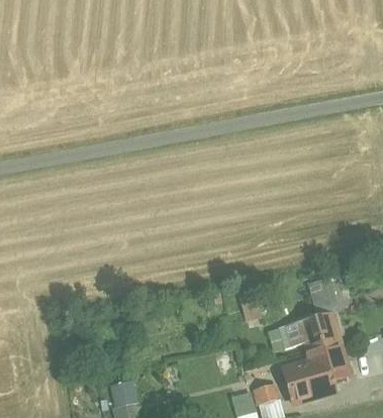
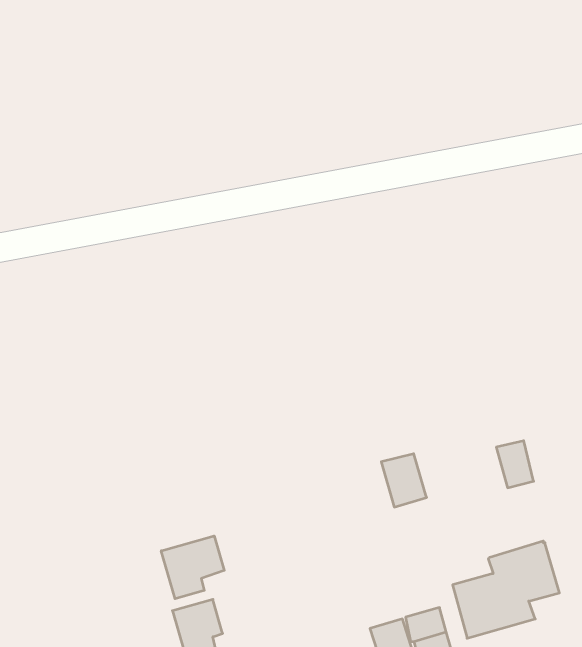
building: [279,311,340,351] -> none
building: none -> [161,536,224,599]

